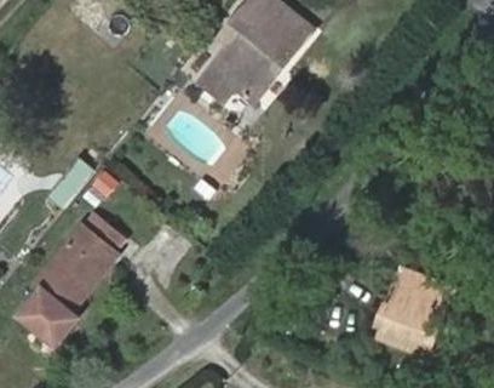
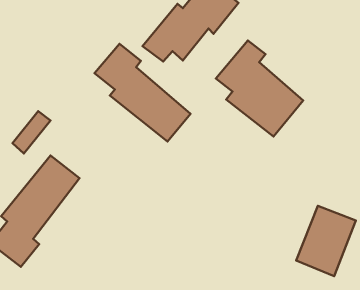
building: none -> [216,41,303,137]
building: none -> [95,44,191,142]

